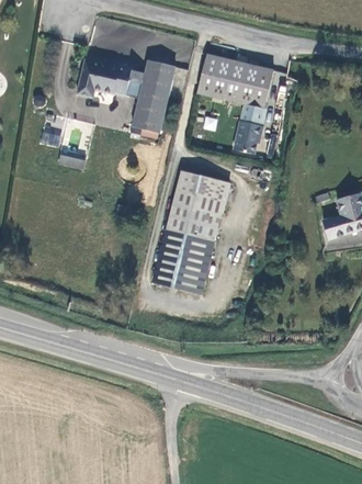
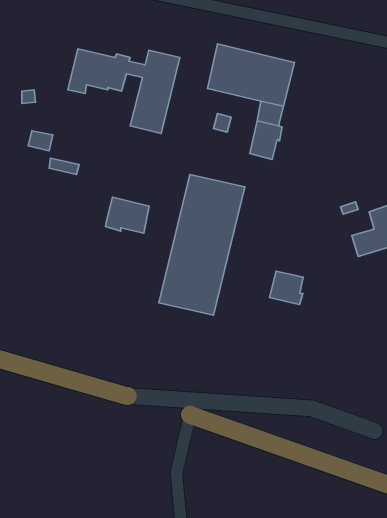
building: none -> [106,197,149,233]
building: none -> [270,271,303,304]

